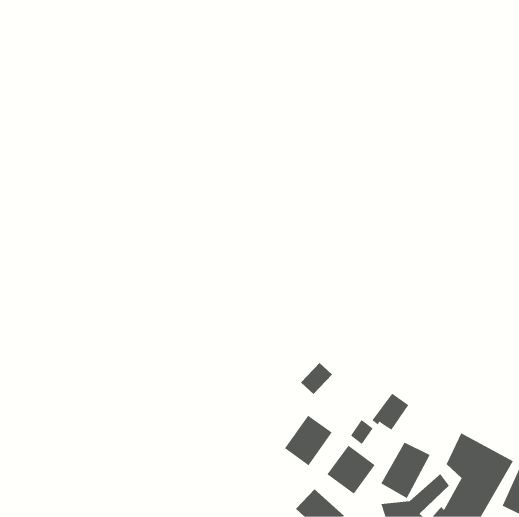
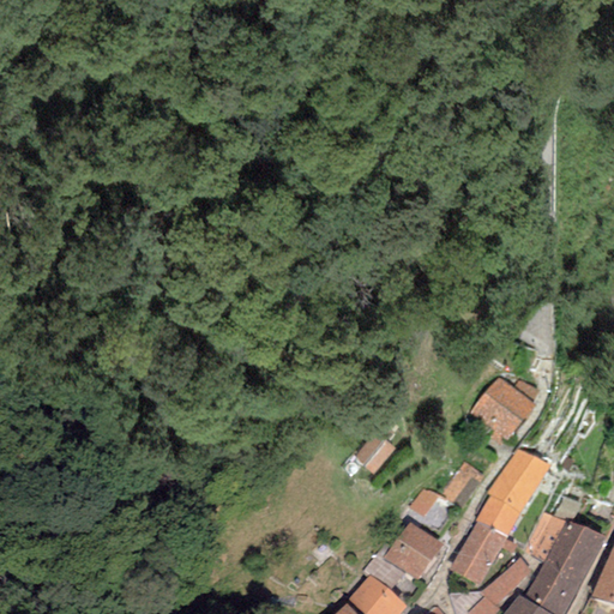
building: none -> [470,377,536,443]
building: none -> [476,447,552,536]
building: [284,415,333,466] -> none

